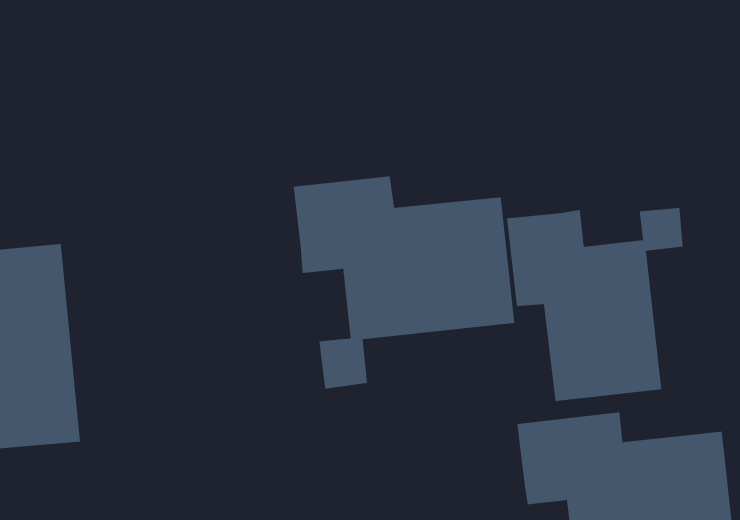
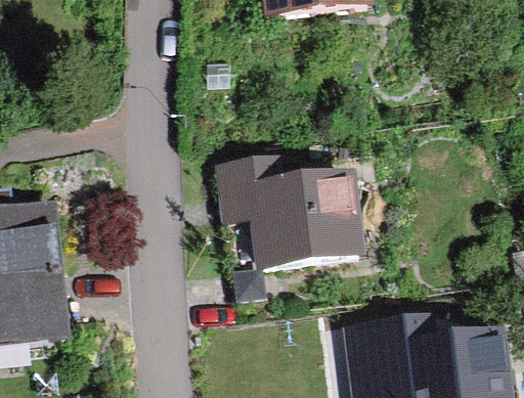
building: [507,207,683,402] -> none

